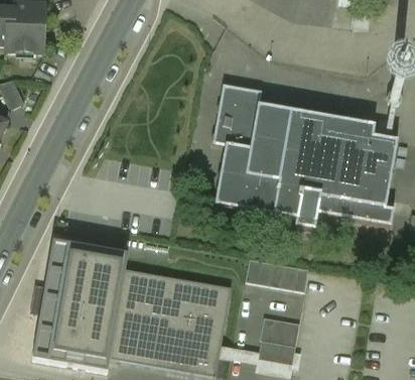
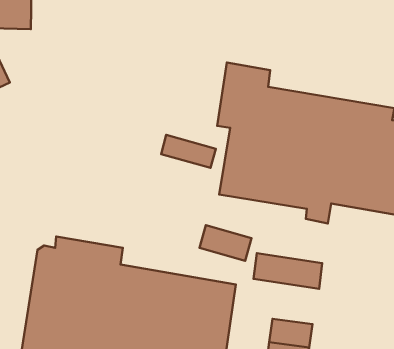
building: none -> [161,135,216,168]
building: none -> [200,225,252,261]

